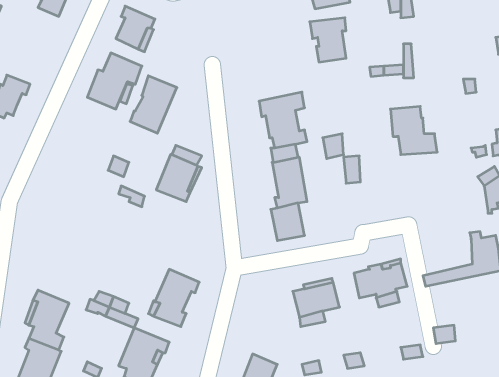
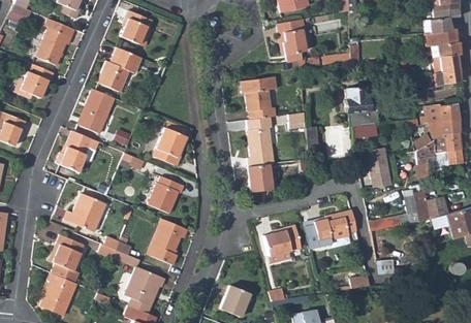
building: none -> [36,18,75,64]
building: [130,76,177,133] -> [78,88,116,133]
building: none -> [56,130,98,171]
building: none -> [363,148,388,187]
building: none -> [149,174,185,212]
building: none -> [66,192,107,230]

